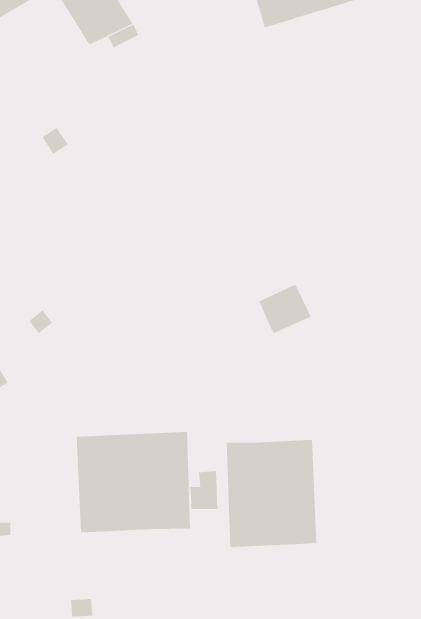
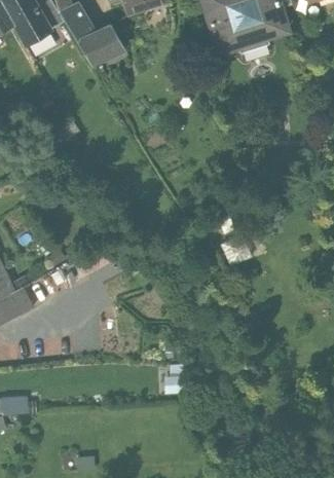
building: [76,431,191,533] -> none
building: [226,439,317,548] -> none

